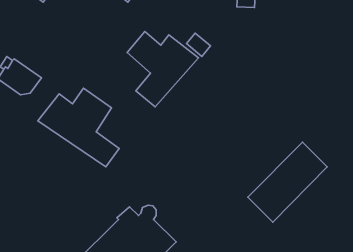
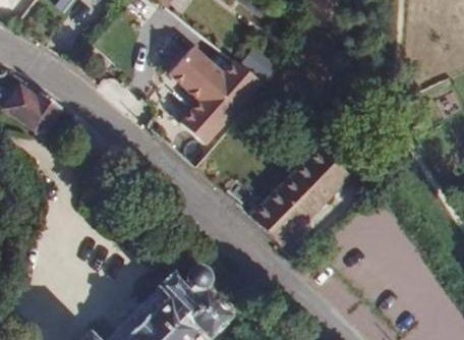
building: [38,88,119,167] -> none
building: [248,142,327,222] -> [250,145,351,246]

